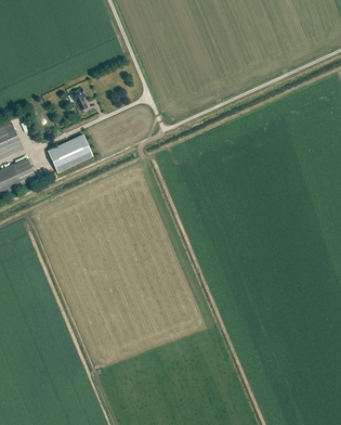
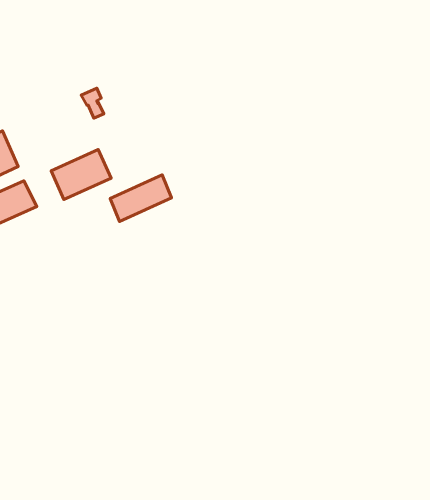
building: none -> [110,175,171,222]

